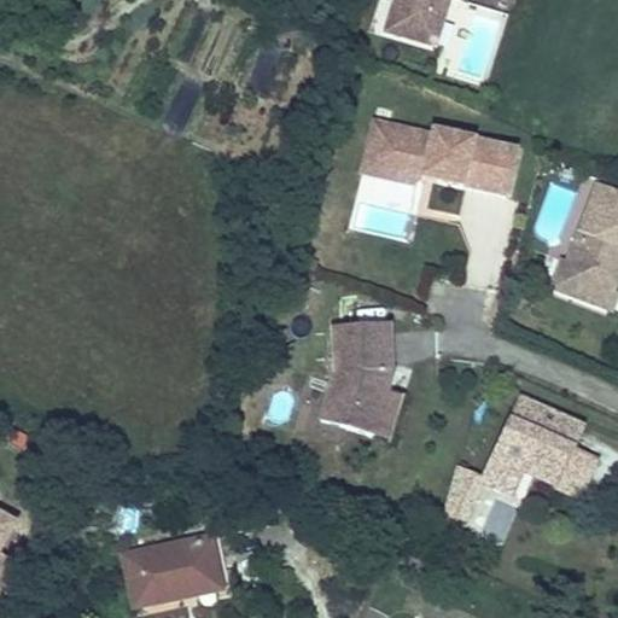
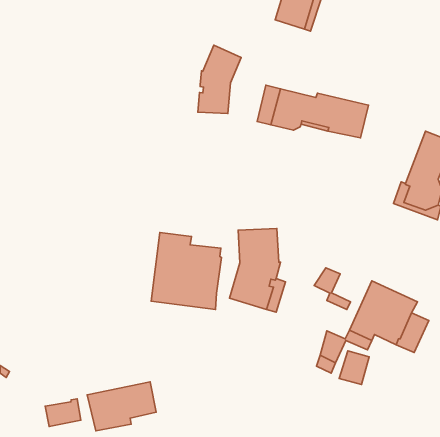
building: none -> [198,45,241,114]
building: none -> [151,233,222,310]
building: none -> [314,268,350,310]
building: none -> [45,399,81,427]

